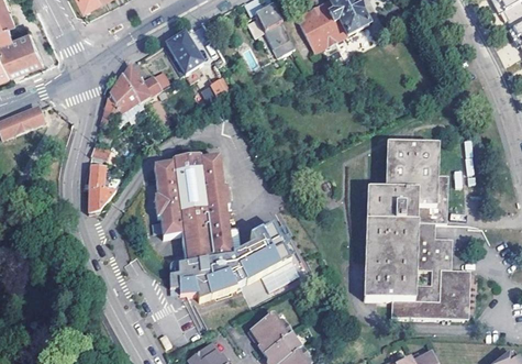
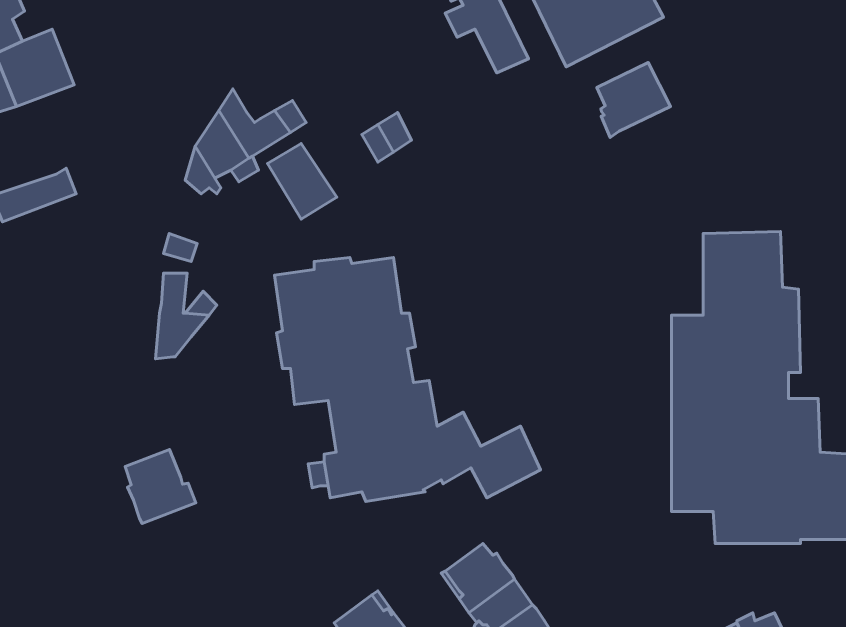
building: [166,32,204,74] -> [267,144,337,219]
building: none -> [597,63,671,137]
building: [254,224,290,262] -> none
building: none -> [125,450,196,523]

